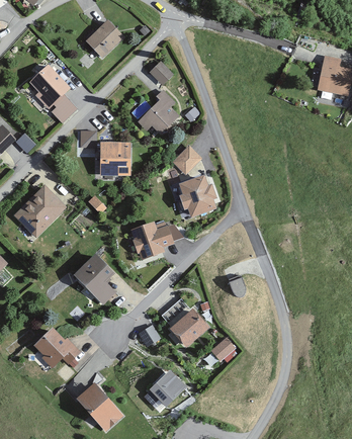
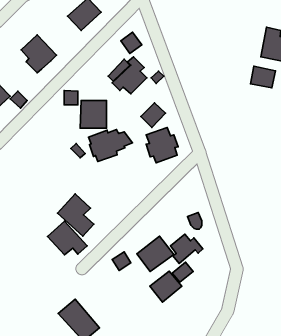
building: [51,95,78,123] -> none
building: none -> [251,66,275,88]
building: [9,184,65,239] -> none
building: [131,222,184,260] -> [89,129,132,161]
building: none -> [170,234,203,264]
building: [31,326,79,366] -> [48,221,87,255]
building: [147,370,185,408] -> [150,271,182,302]

